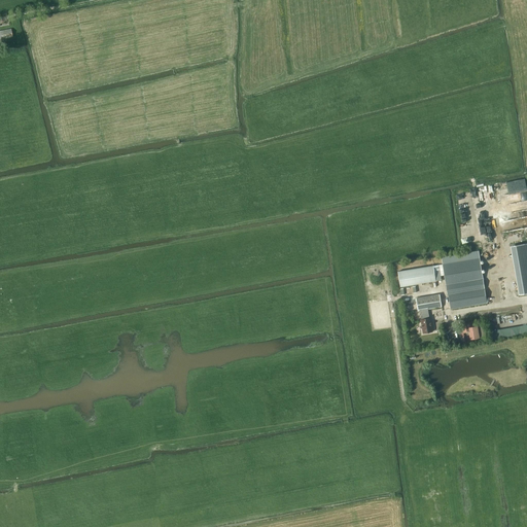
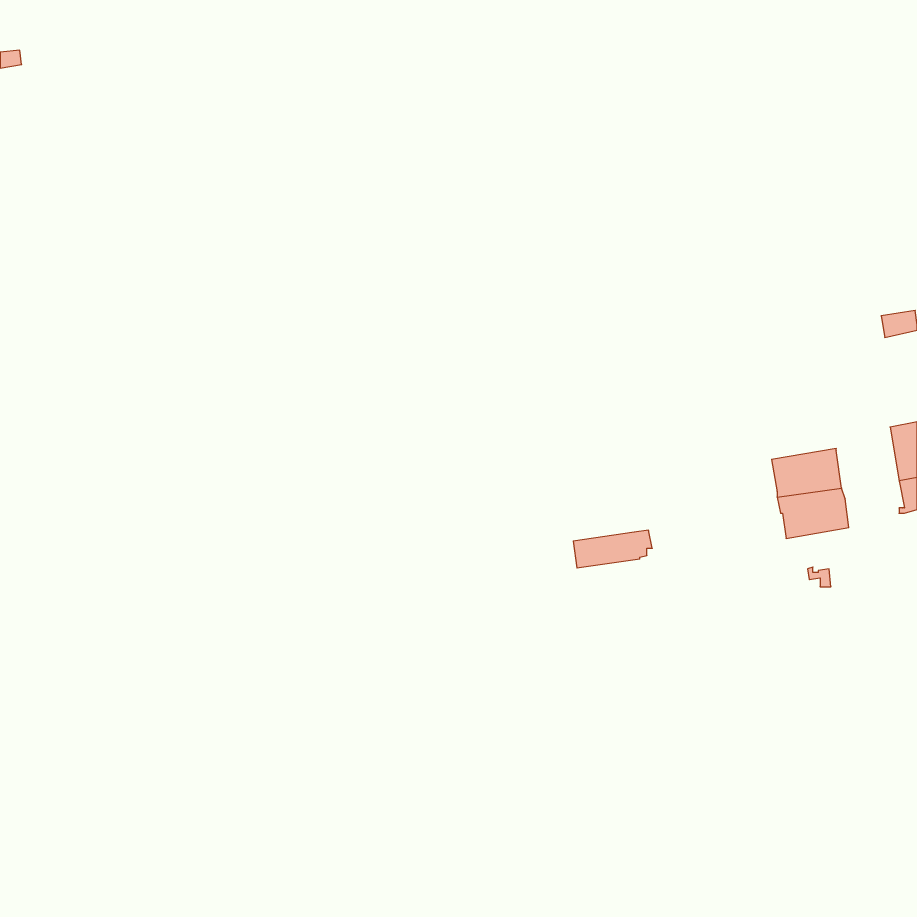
building: [398,265,444,286] -> [573,530,652,568]
building: [416,294,442,333] -> none

